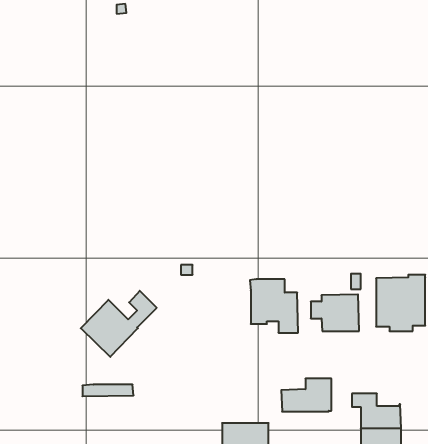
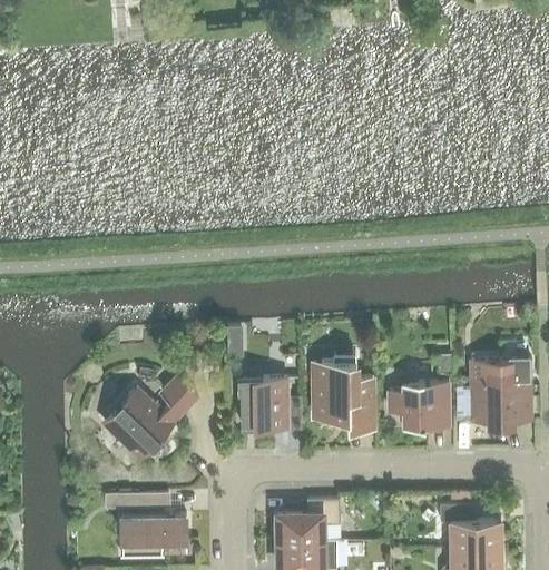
building: none -> [241,379,288,429]
building: [281,379,331,412] -> [277,501,340,542]
building: none -> [120,515,186,557]

